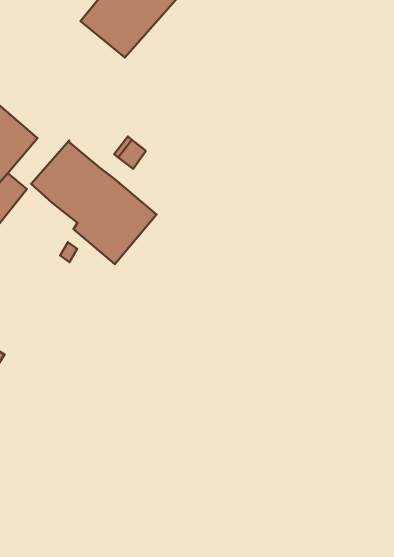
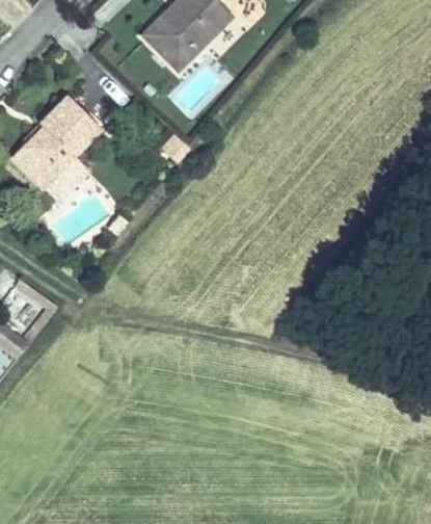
building: [31,141,157,264] -> none

